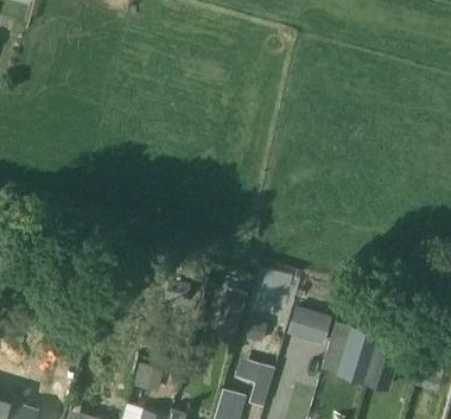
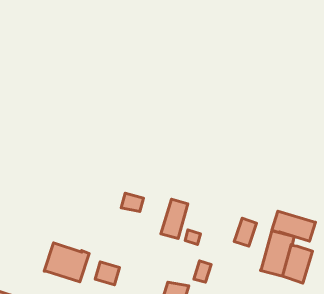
building: none -> [272,211,316,241]
building: none -> [44,243,89,282]

